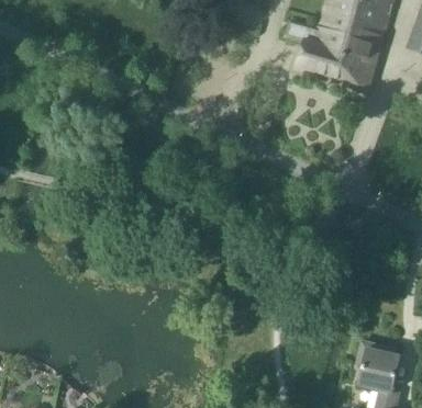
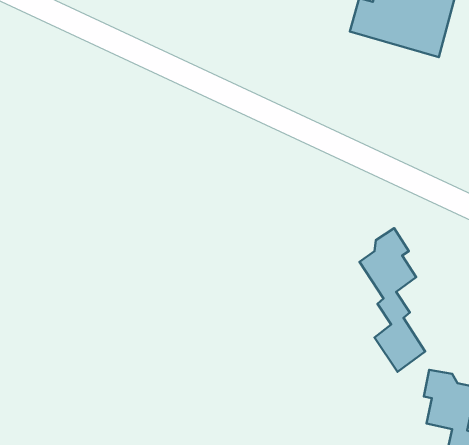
building: none -> [360,228,425,372]

